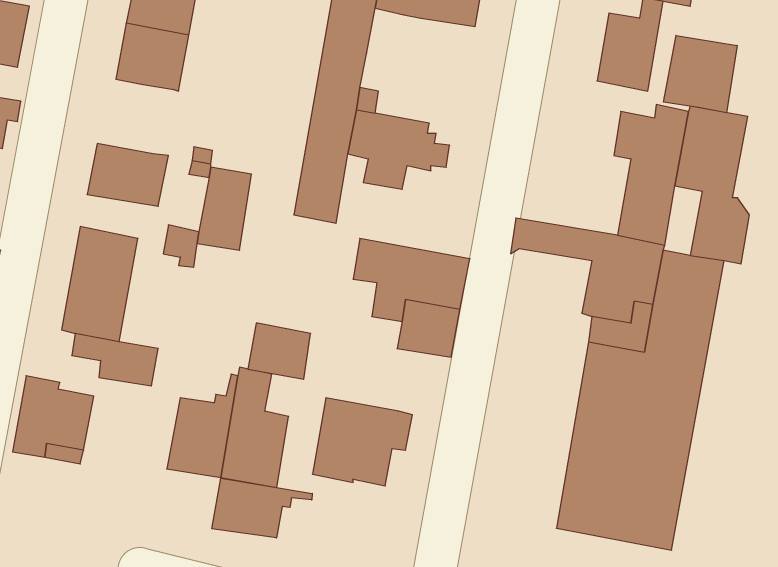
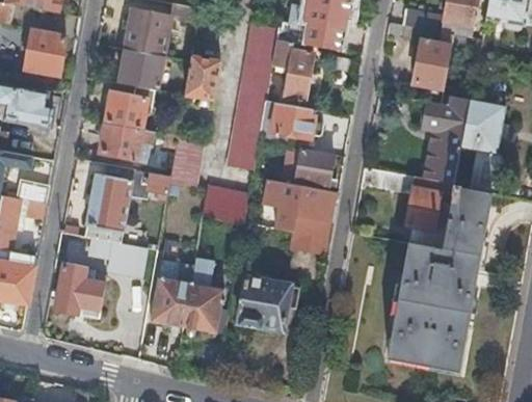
building: none -> [272,38,315,102]
building: [664,35,737,113] -> none
building: none -> [185,56,220,100]
building: none -> [105,85,154,128]
building: none -> [283,148,335,187]
building: [248,323,311,379] -> [202,189,240,223]
building: [212,478,312,538] -> none

